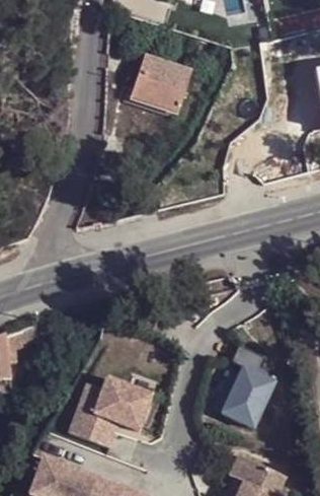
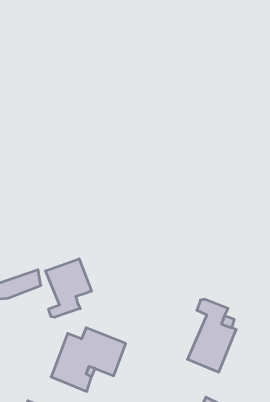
building: [138,57,194,109] -> none
building: none -> [46,259,91,317]

